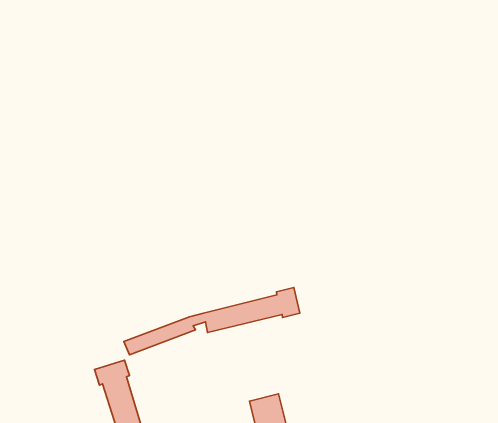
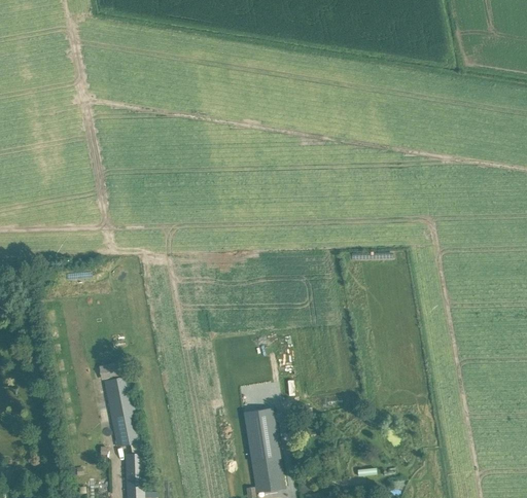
building: [124,288,300,355] -> none

